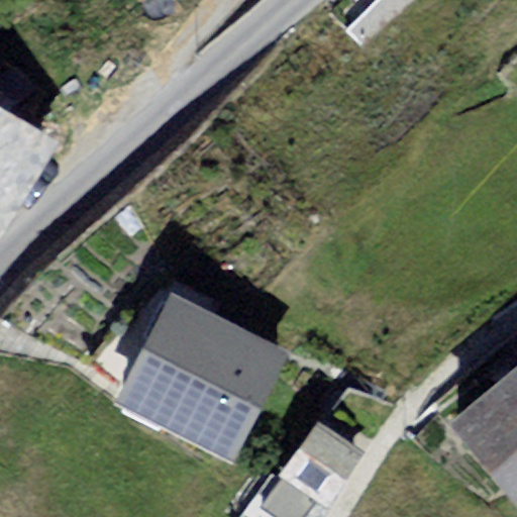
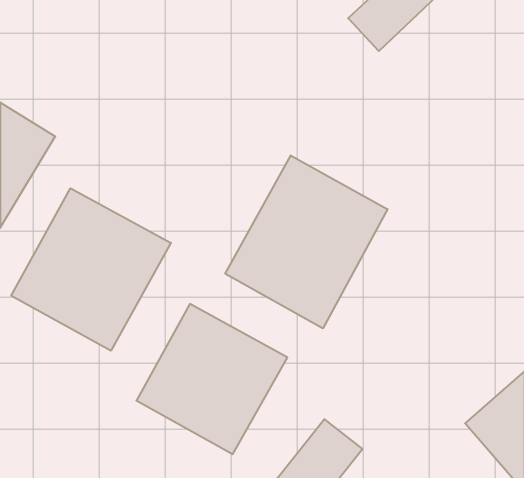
building: none -> [225,155,388,328]
building: none -> [11,188,171,351]

